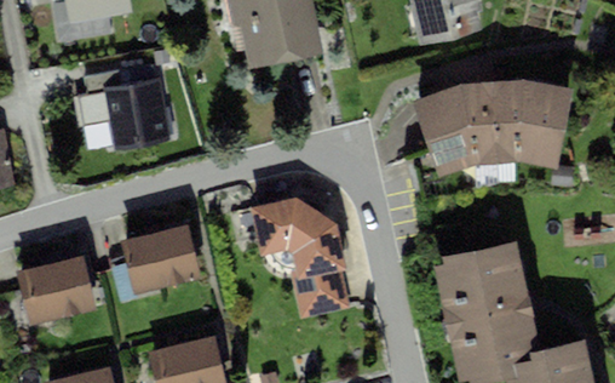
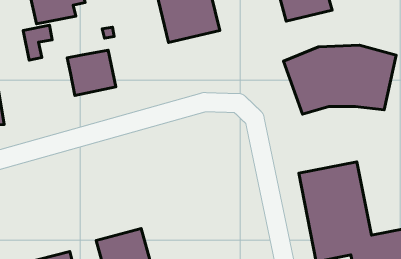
building: [82,68,123,118] -> [23,25,52,60]
building: [249,199,354,325] -> none
building: [123,224,201,293] -> none
building: [15,256,94,327] -> none

